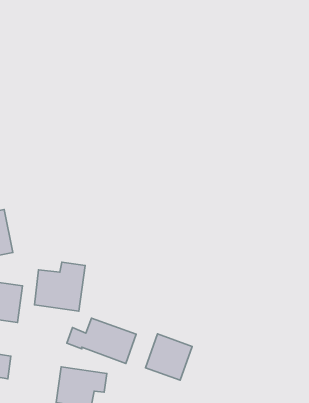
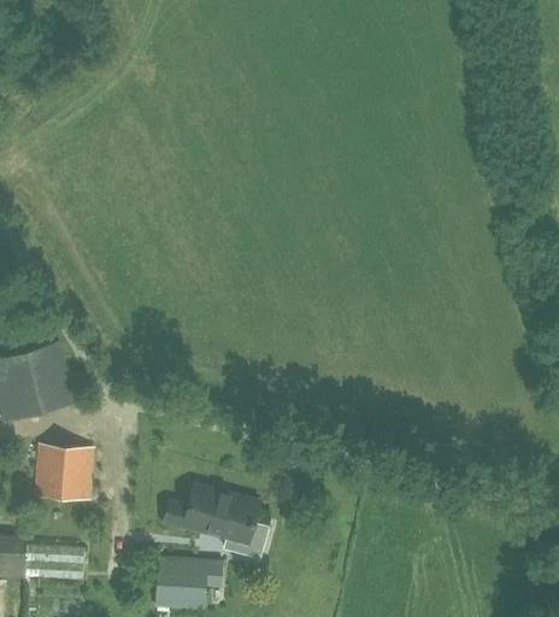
building: [34,262,85,311] -> none
building: [145,334,192,380] -> none

